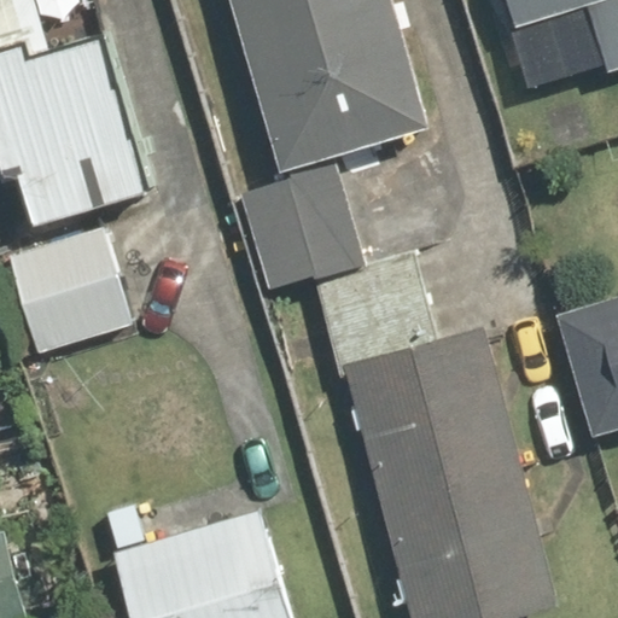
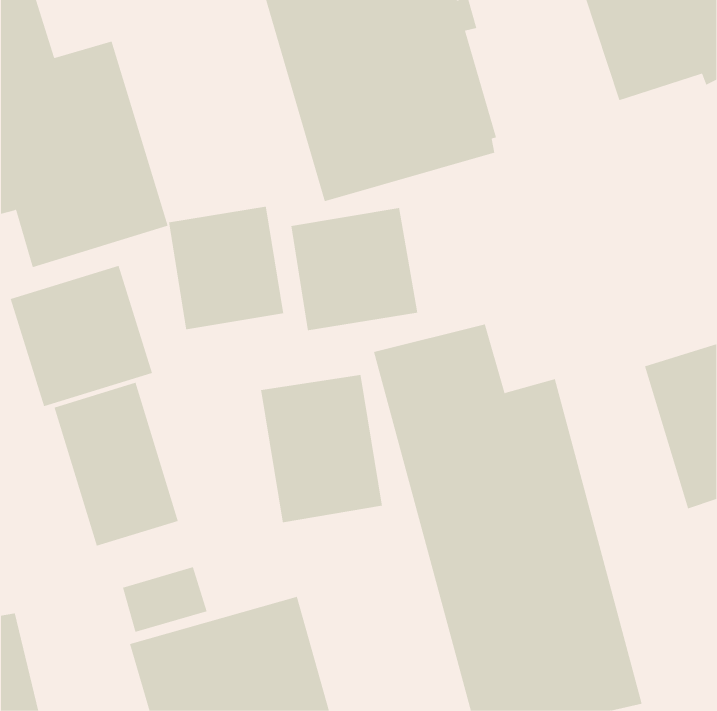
building: none -> [168,206,284,330]
building: none -> [261,374,382,523]
building: none -> [54,382,179,547]

